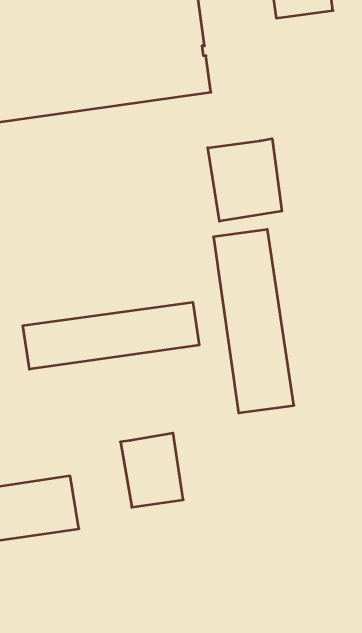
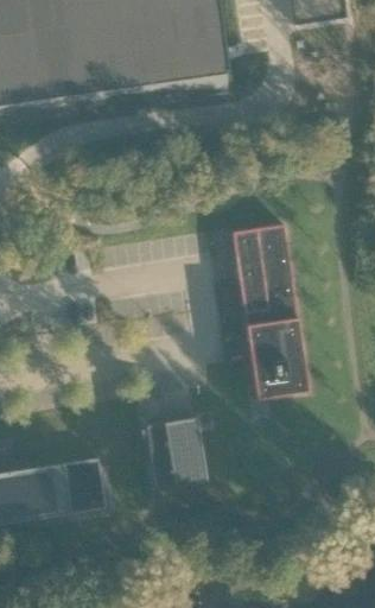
building: [208,139,282,221] -> none
building: [23,302,199,369] -> none

